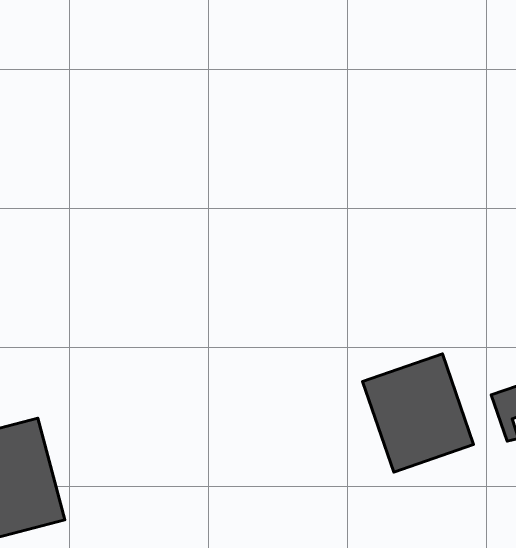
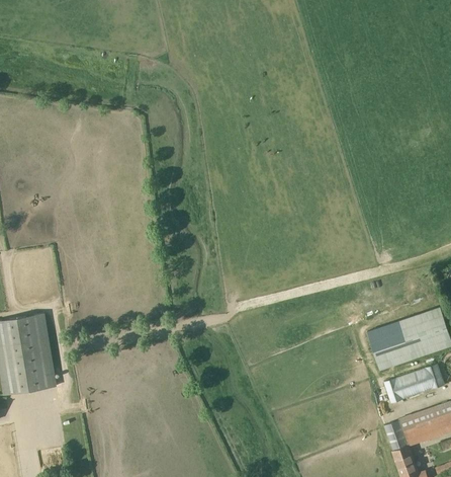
building: [363,354,474,472] -> none

